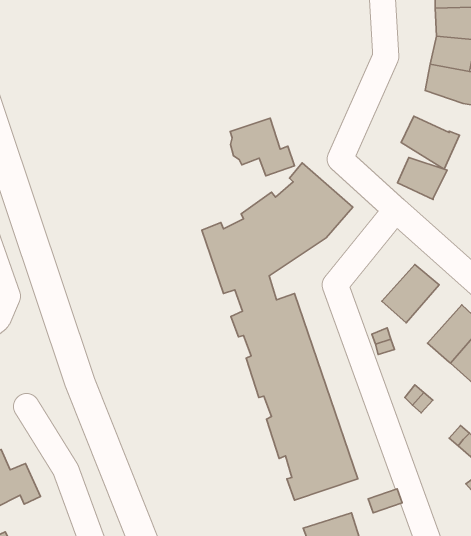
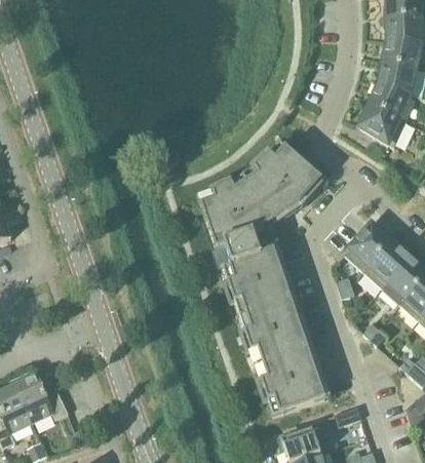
building: [230,118,295,176] -> none
building: [398,158,447,199] -> [370,84,410,118]
building: none -> [363,241,409,288]

